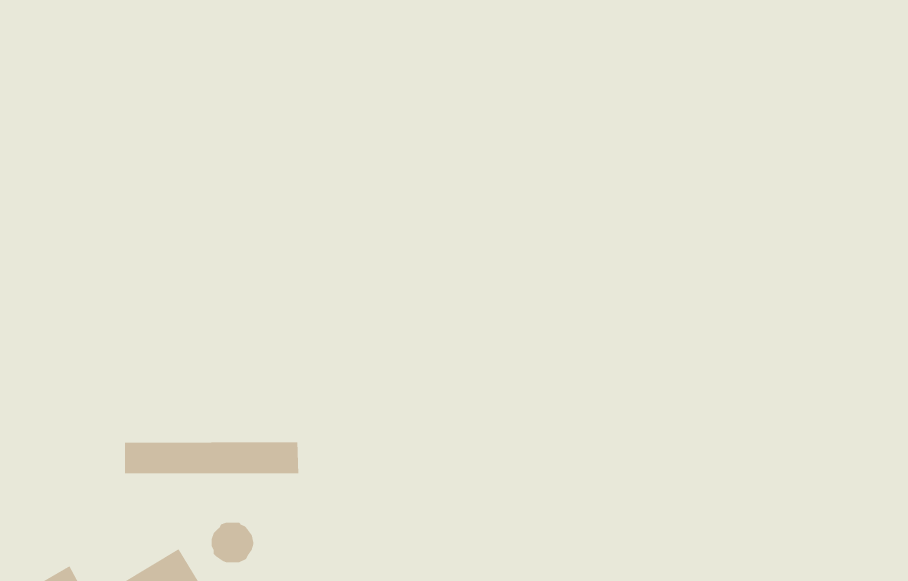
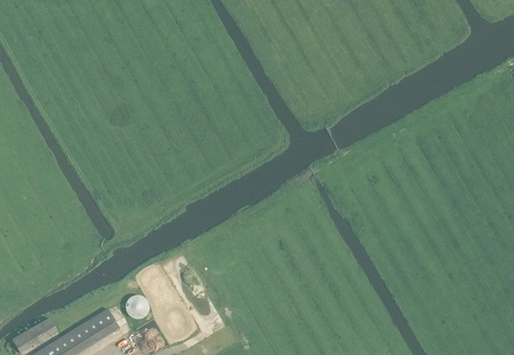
building: [124,441,299,474] -> none

